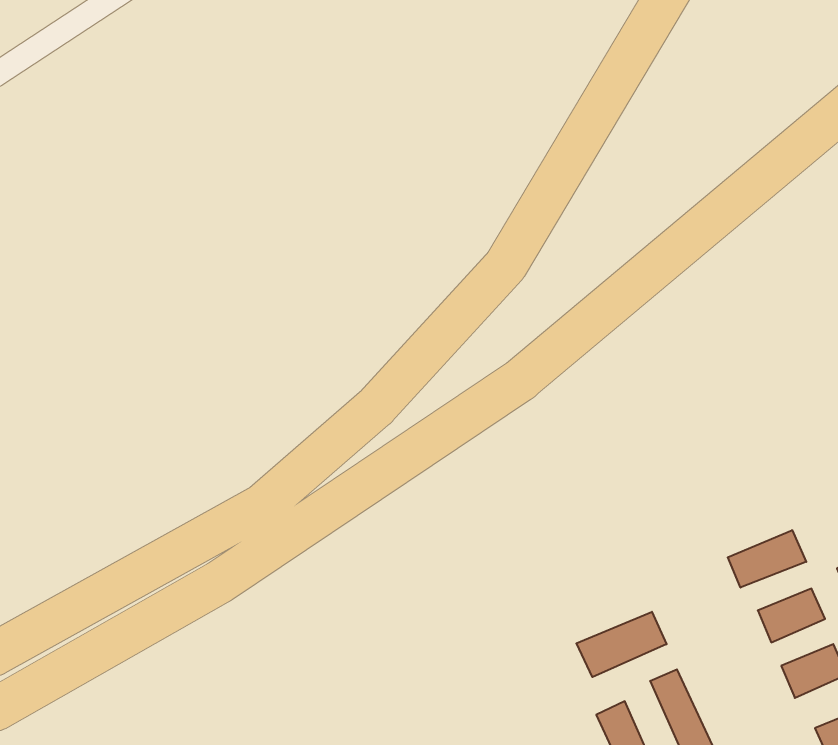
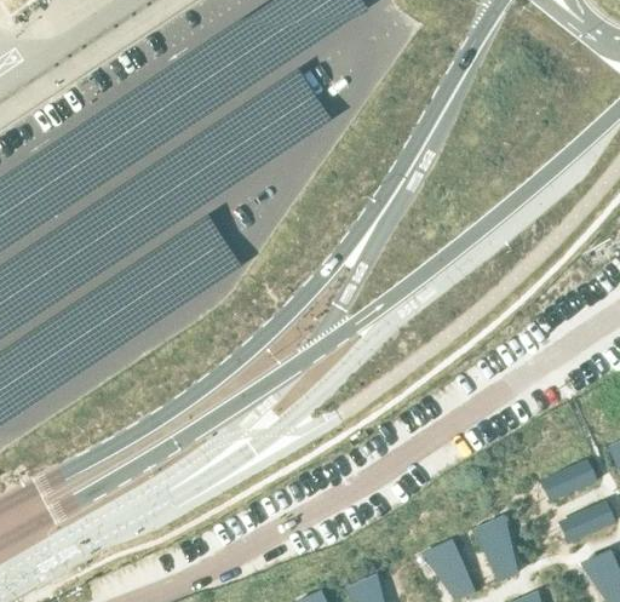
building: [728,530,806,588] -> none
building: [576,612,667,677] -> none

